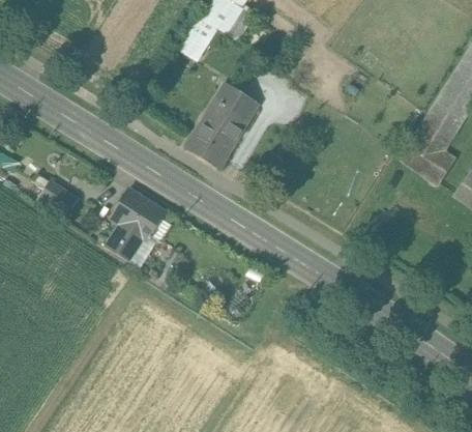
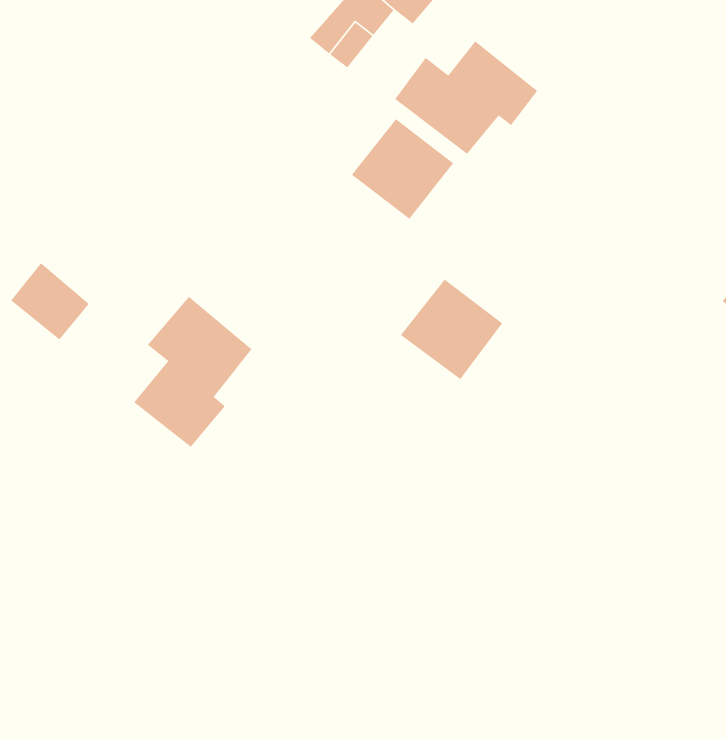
building: none -> [394,41,538,155]
building: [187,115,240,167] -> [400,278,503,380]

